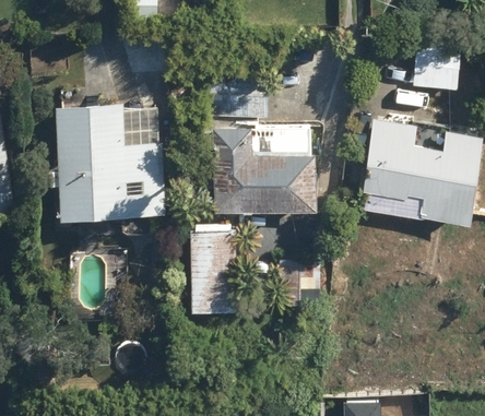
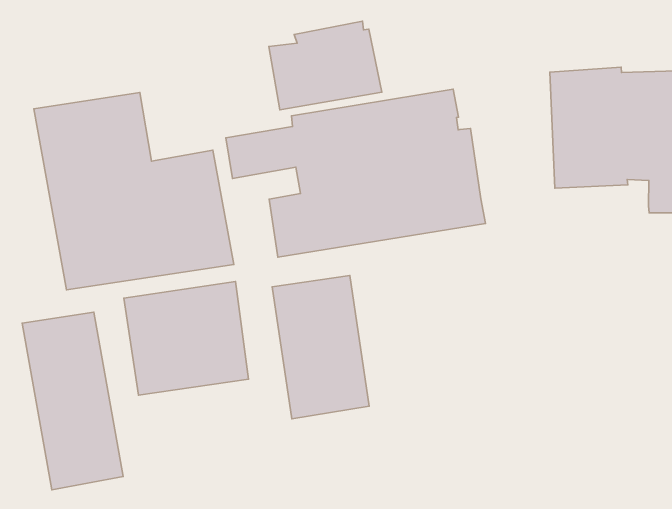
building: none -> [124,282,249,395]
building: none -> [22,312,123,490]

